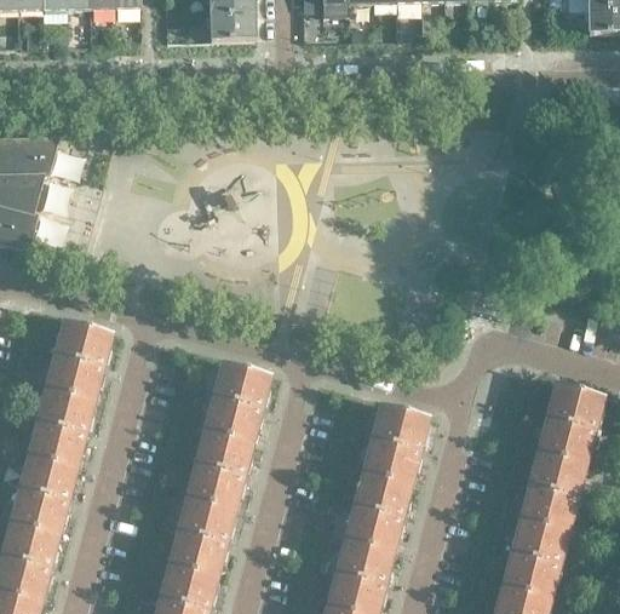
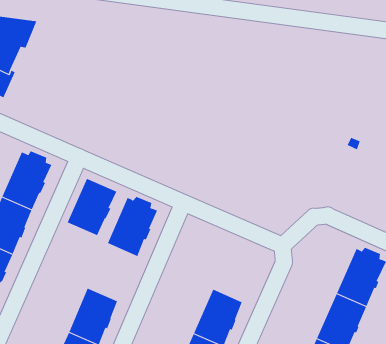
building: [362,406,425,489] -> none
building: [185,436,249,515] -> [67,178,117,236]

